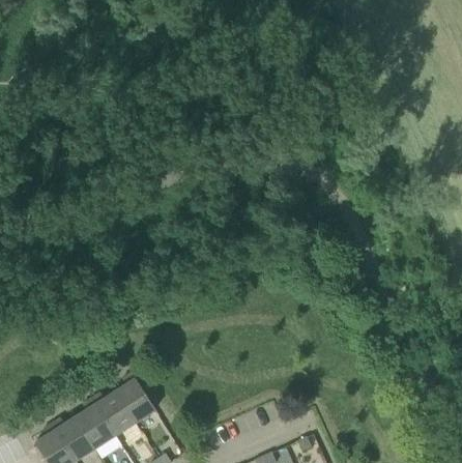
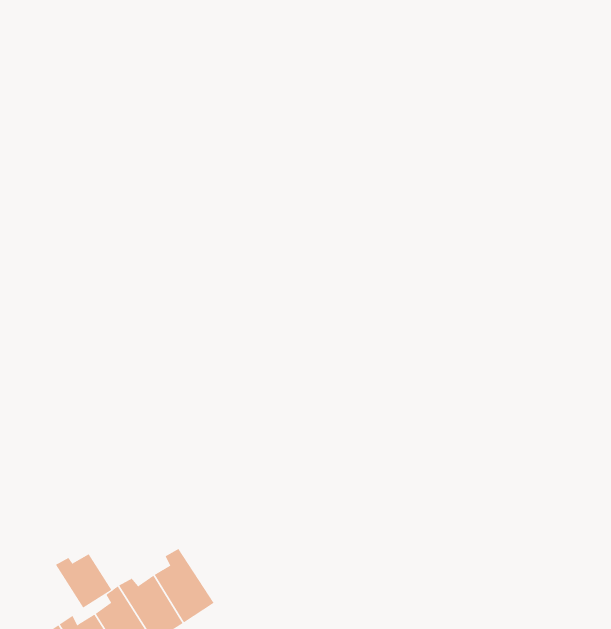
building: none -> [55,553,112,609]

